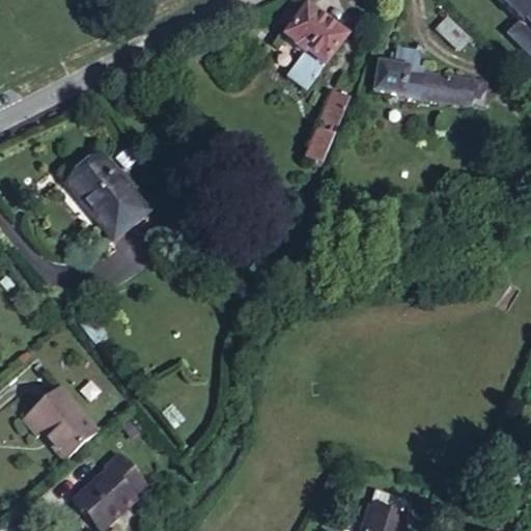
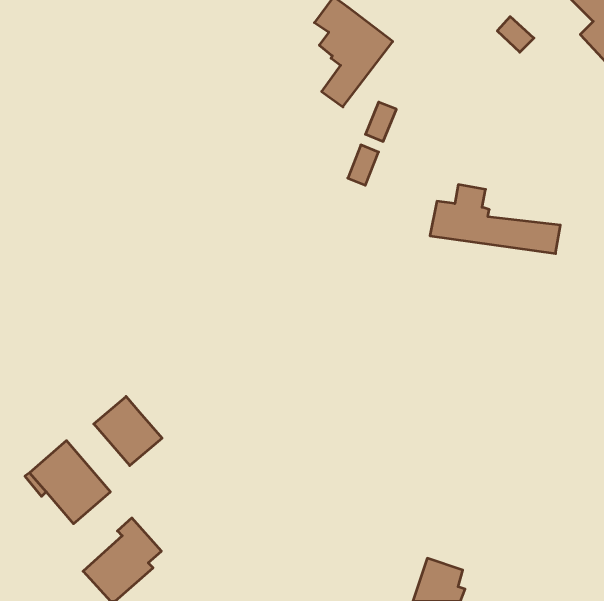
building: [372,45,486,105] -> [430,185,560,254]
building: [67,152,148,239] -> none
building: none -> [94,396,162,466]

